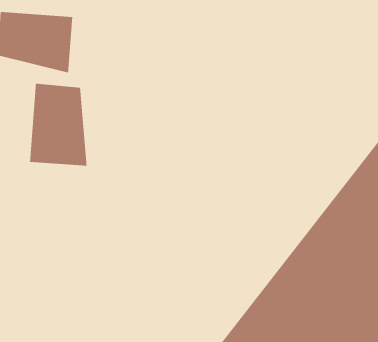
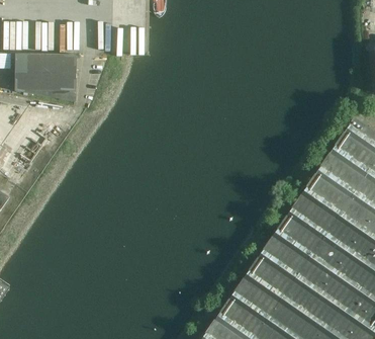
building: [29,83,88,166] -> none

